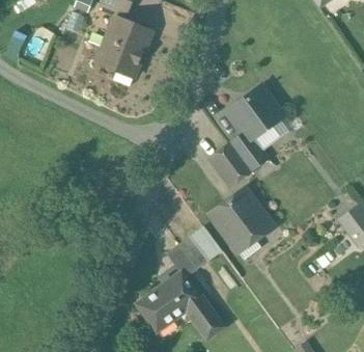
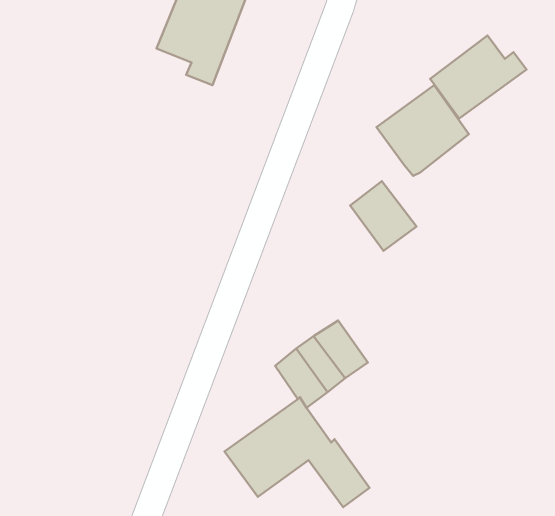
building: none -> [430,36,527,119]
building: [230,133,268,169] -> none
building: [211,189,272,250] -> none

